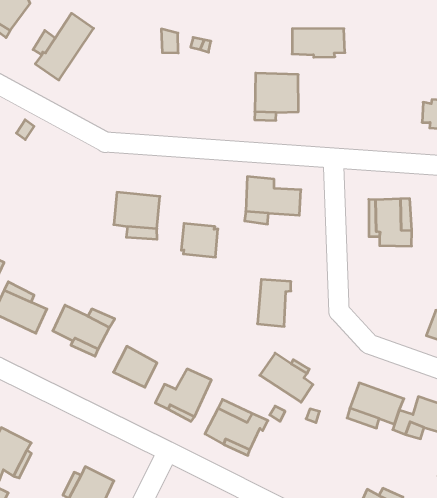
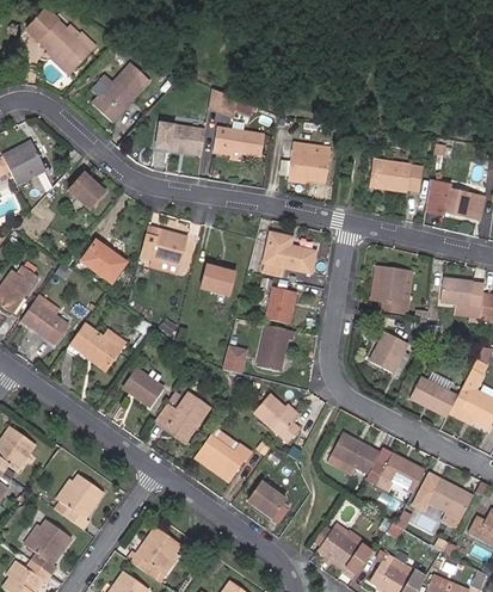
building: [292,29,345,57] -> [365,159,415,190]
building: none -> [212,128,264,160]
building: none -> [156,119,205,149]
building: none -> [68,173,105,209]
building: none -> [84,240,127,279]
building: none -> [261,285,294,323]
building: none -> [366,331,405,374]
building: none -> [222,345,249,375]
building: none -> [246,481,283,516]

